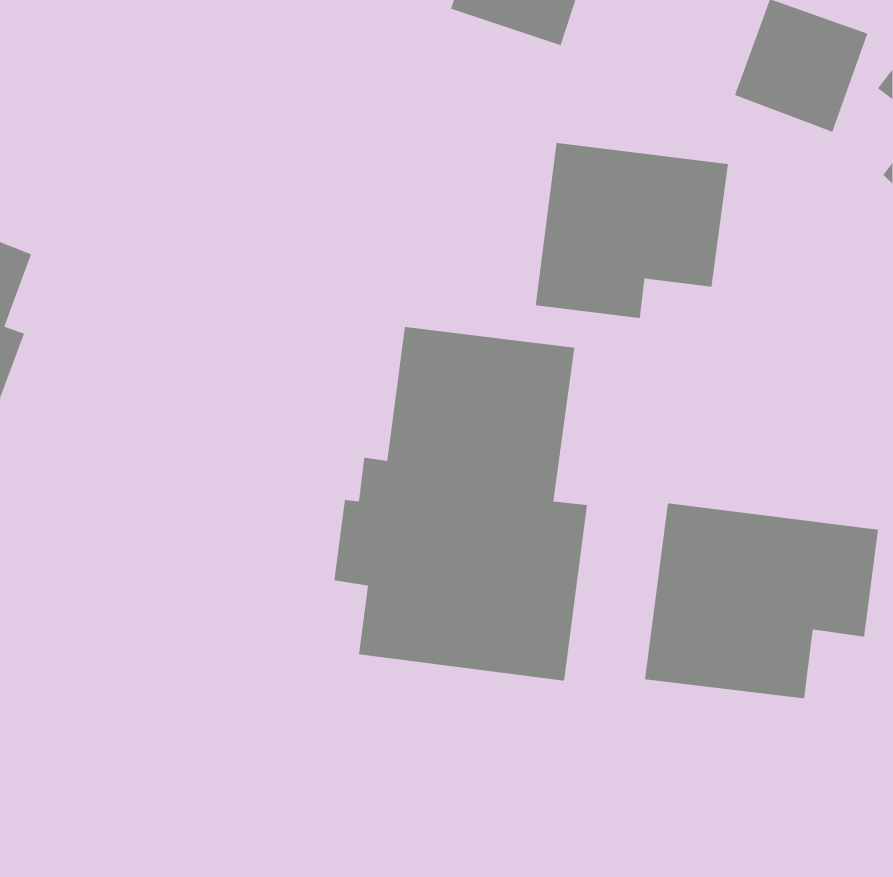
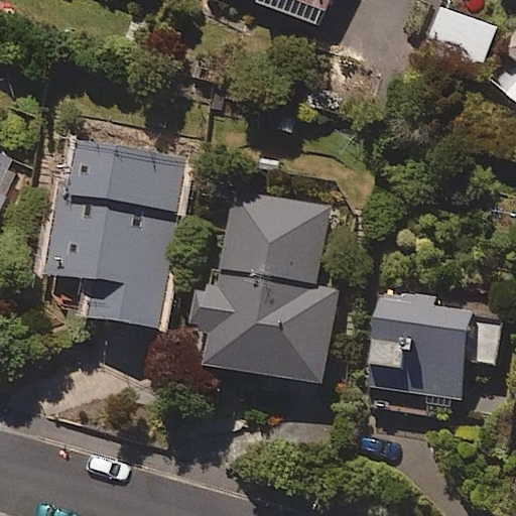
building: [535,142,728,319] -> none
building: none -> [46,140,184,336]

